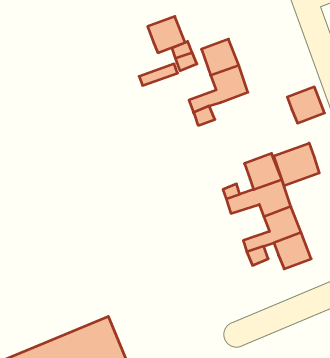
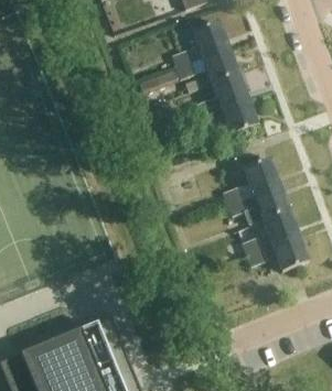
building: [148,16,185,53] -> [192,21,228,56]
building: [287,87,325,123] -> [221,98,257,133]
building: [274,143,319,186] -> none

